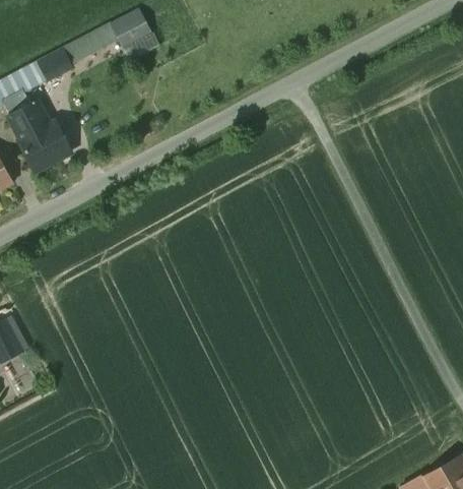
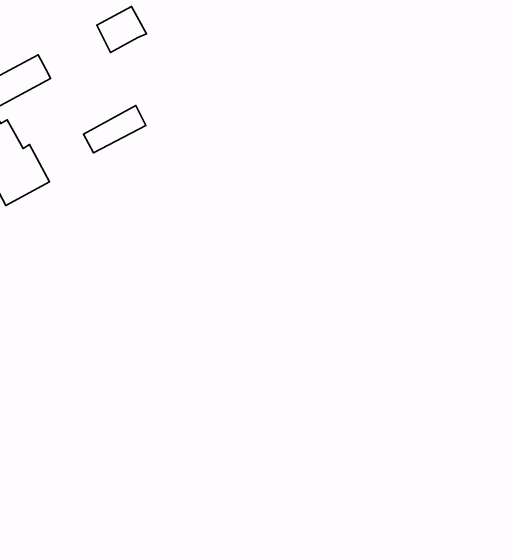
building: [63,24,114,63] -> [84,105,146,153]

